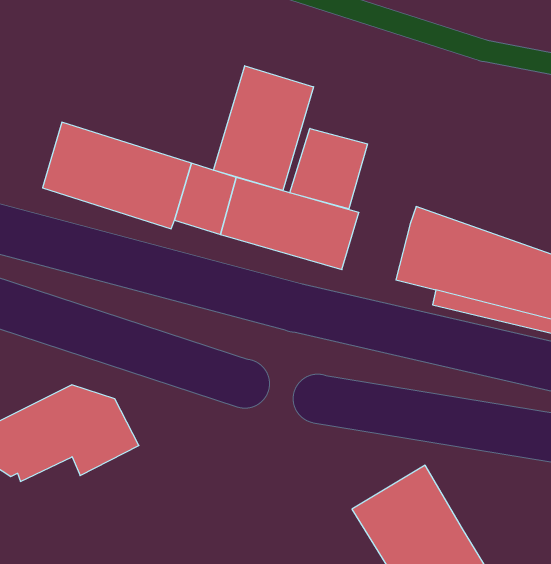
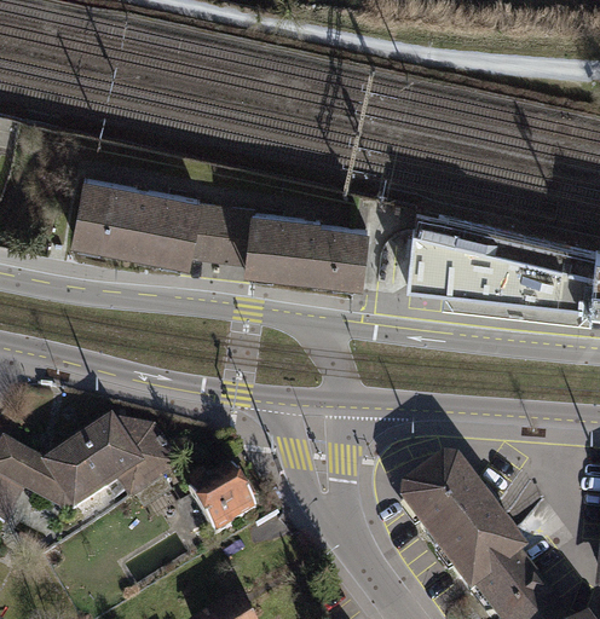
building: [214,66,314,190] -> none
building: [290,128,368,209] -> none
building: none -> [192,474,256,539]

